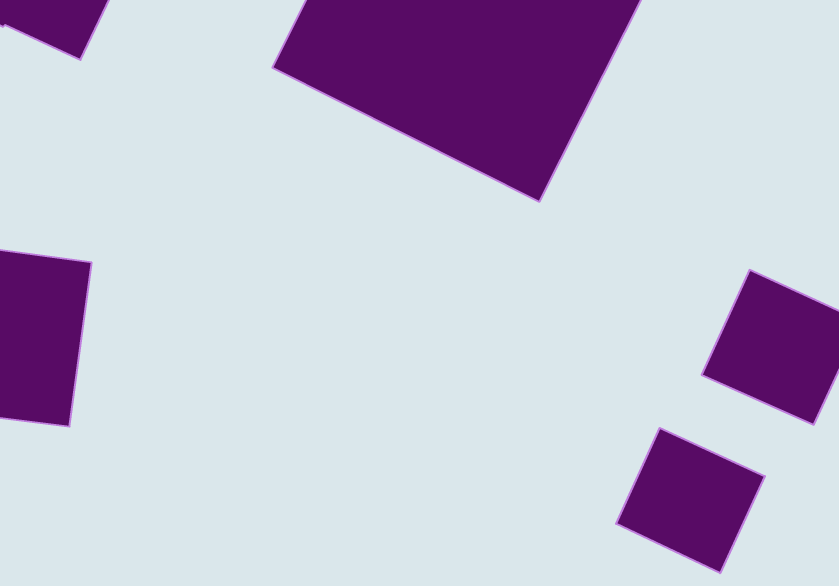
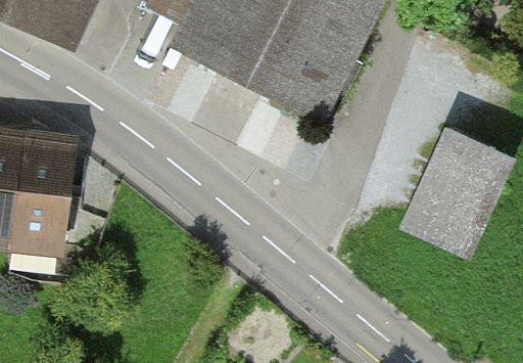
building: [616,428,765,573] -> none

